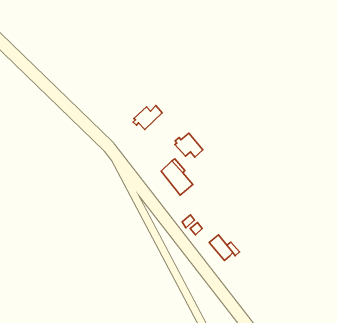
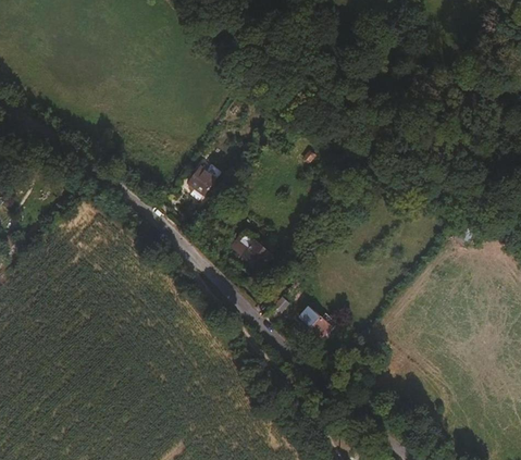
building: [175,133,203,157] -> none

